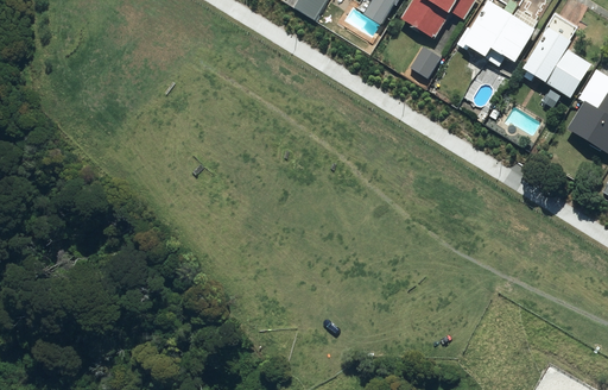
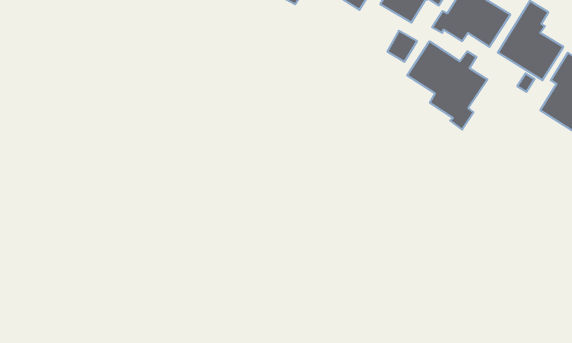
building: none -> [407,41,487,130]

